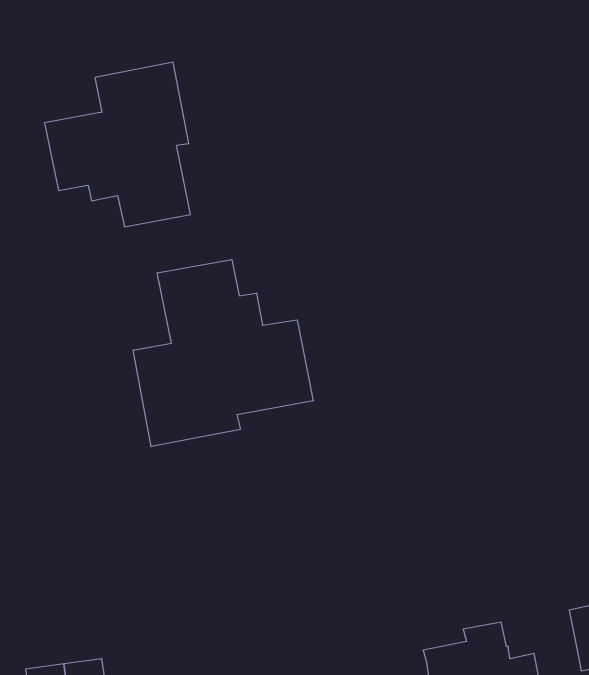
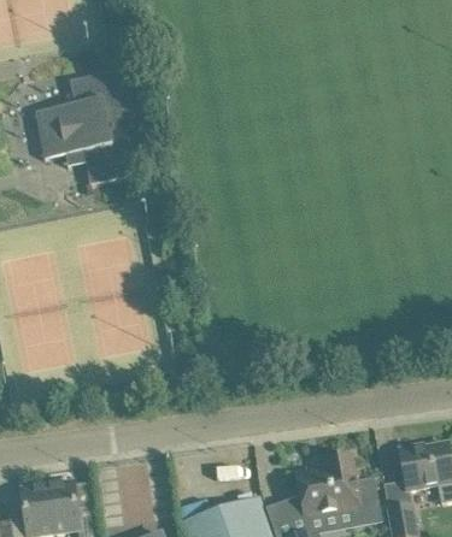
building: [133,260,313,447] -> none

